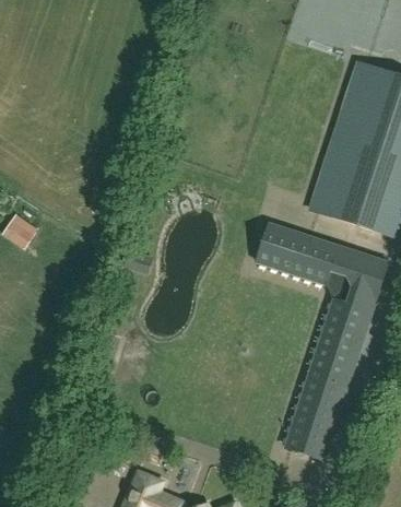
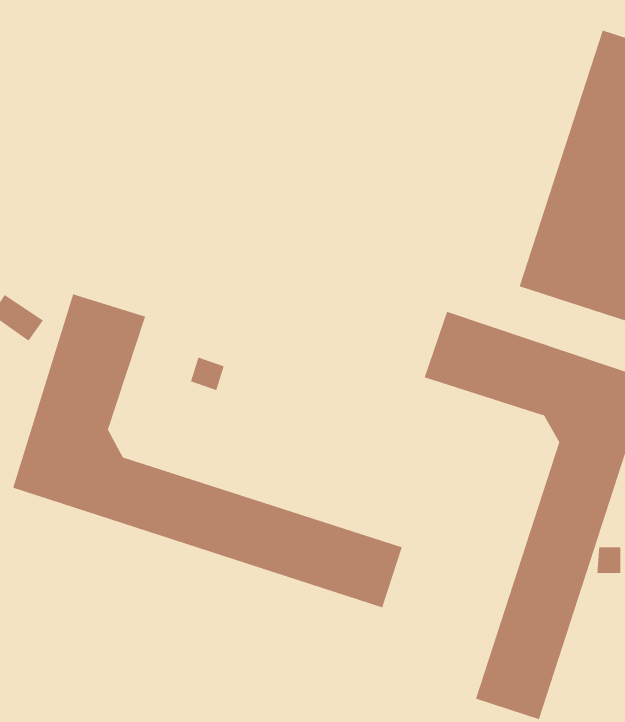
building: none -> [13,294,402,608]

